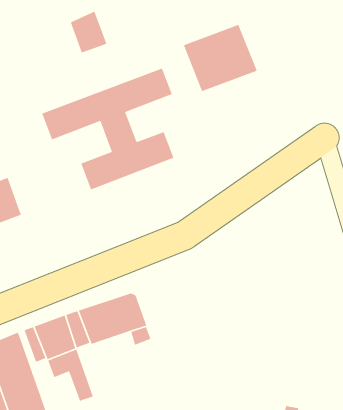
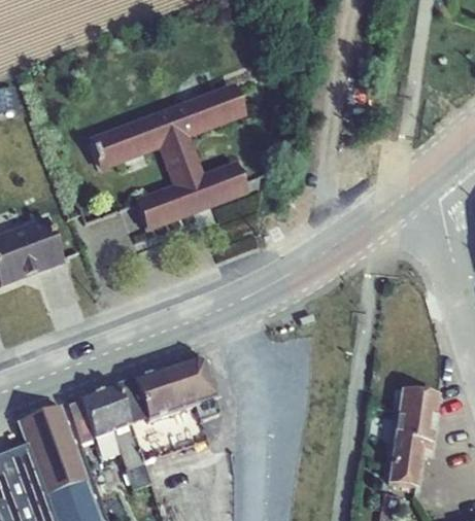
building: [70,11,108,53] -> none
building: [183,24,258,92] -> none
building: none -> [387,388,440,487]

